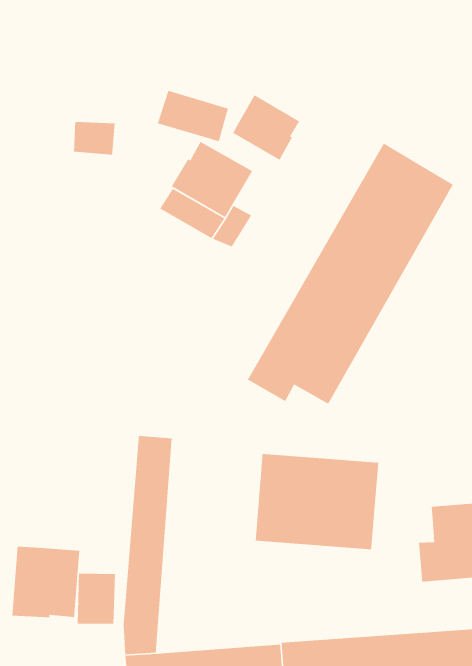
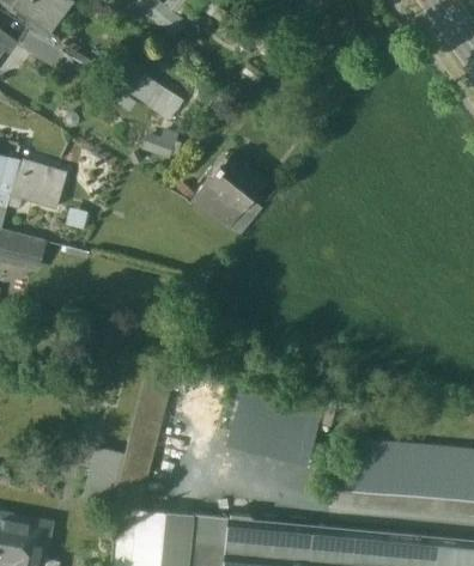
building: [157,90,229,142] -> [128,73,181,116]
building: [232,94,300,161] -> none
building: [247,142,454,405] -> none
building: [12,546,80,618] -> none

